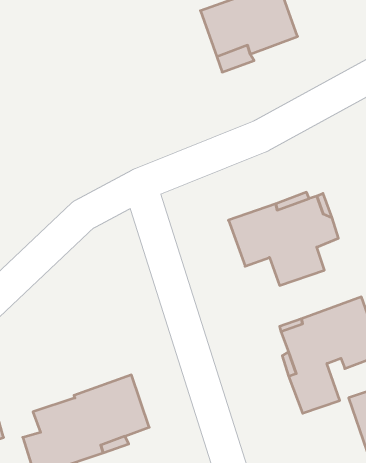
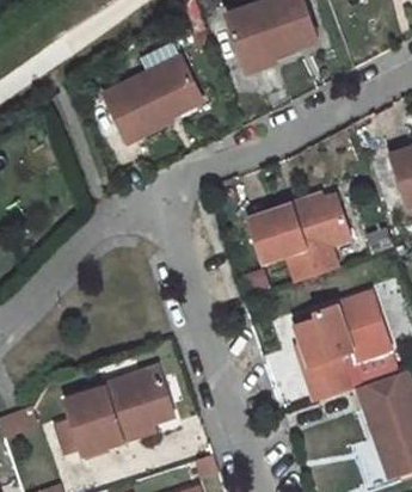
building: none -> [98,61,195,142]

